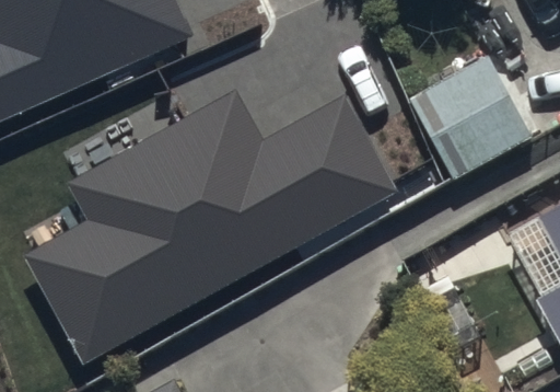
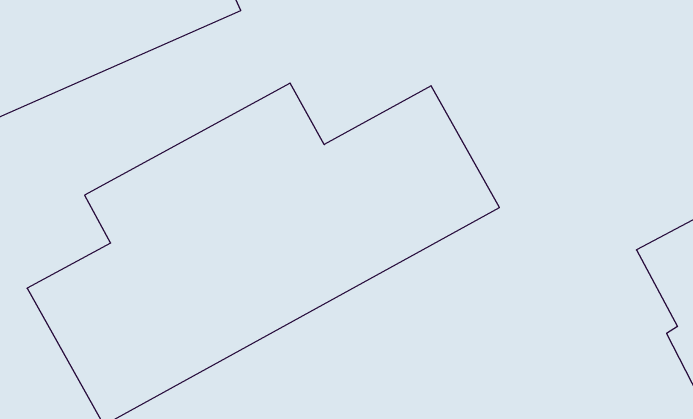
building: [407,46,533,174] -> none

